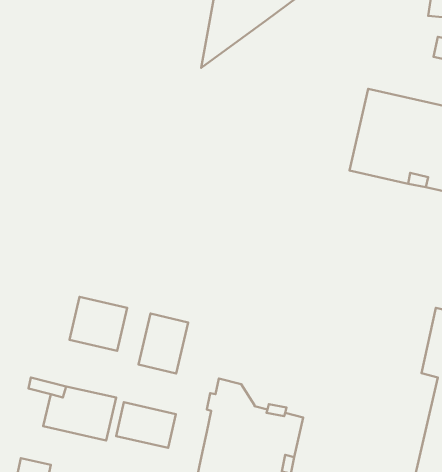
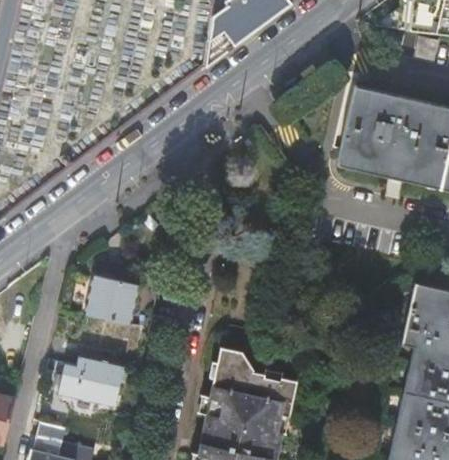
building: [139,314,188,373] -> none
building: [116,402,176,448] -> none

